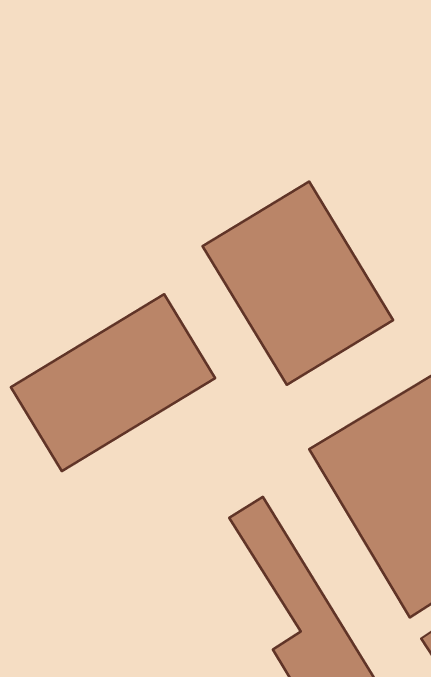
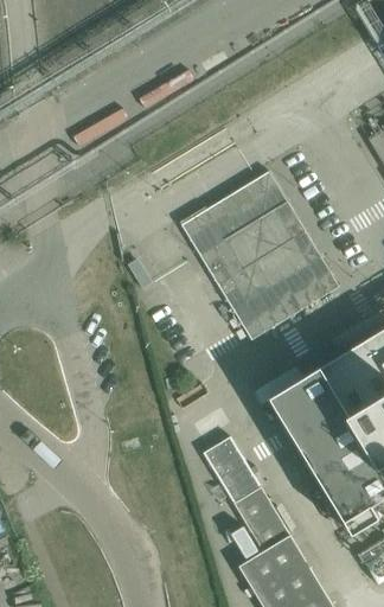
building: [11,294,215,471] -> none

